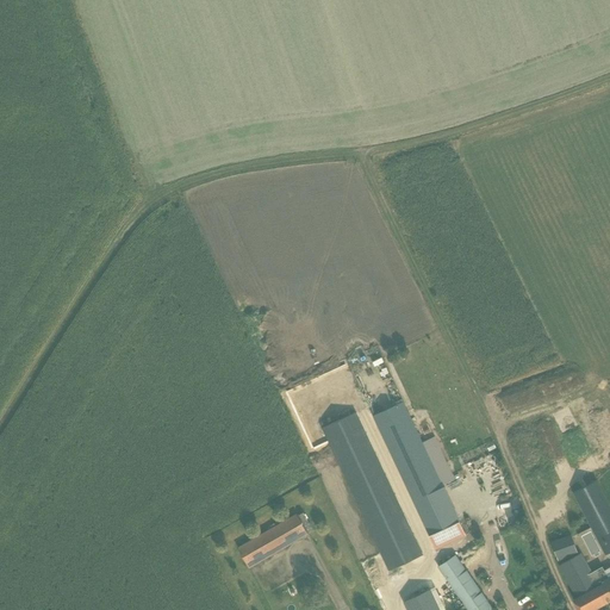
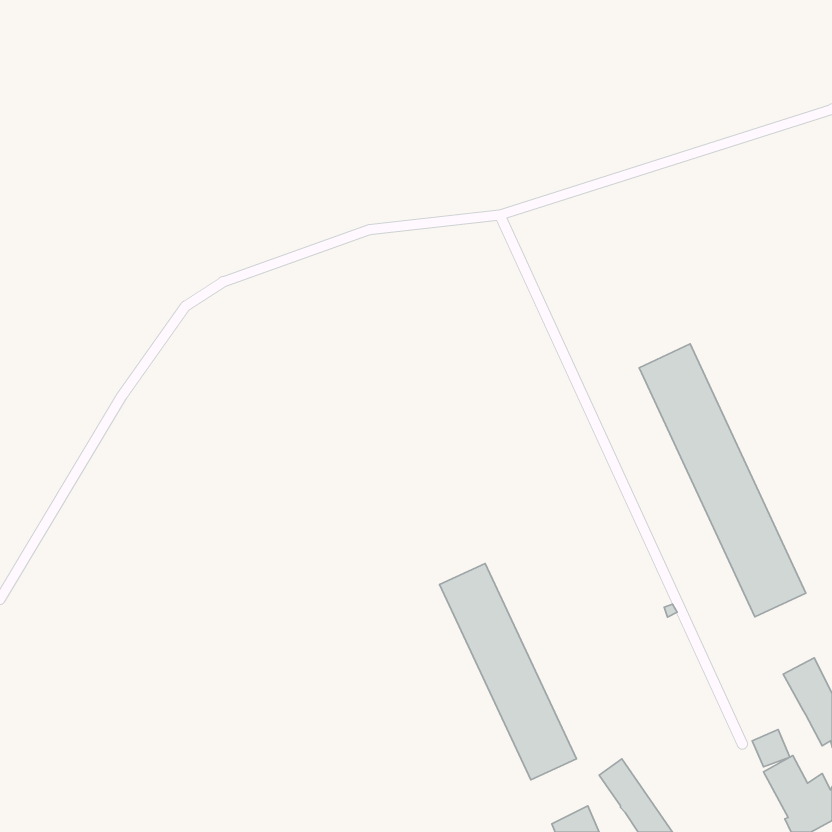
building: none -> [639,344,806,617]
building: [373,403,466,549] -> none
building: [238,513,311,566] -> none

